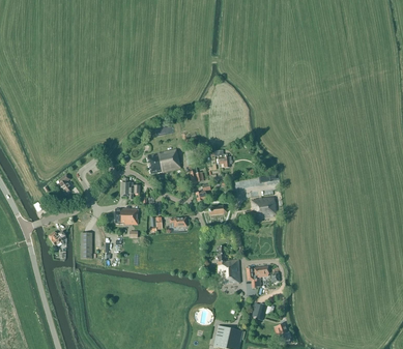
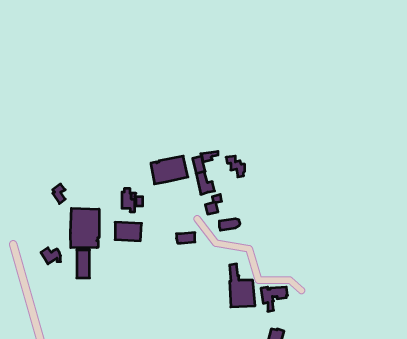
building: none -> [71,208,99,248]
building: [244,197,276,217] -> none

